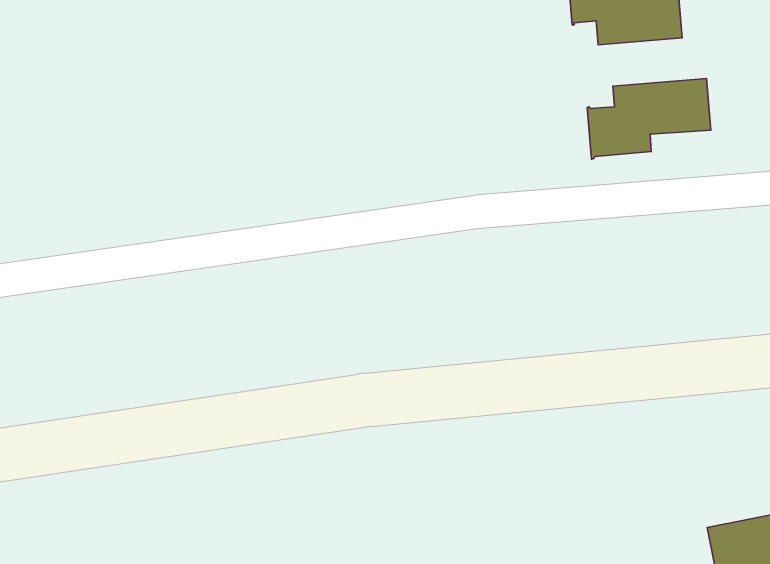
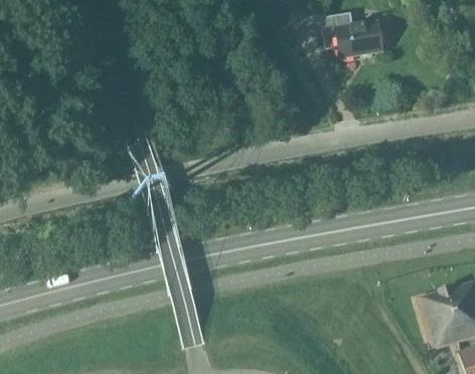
building: [587,78,711,159] -> none

